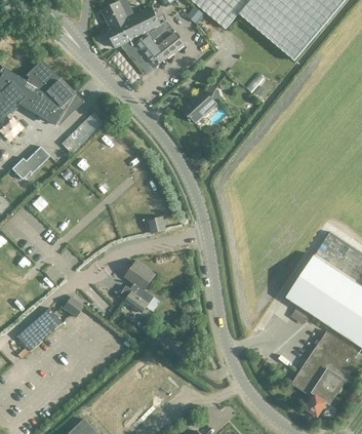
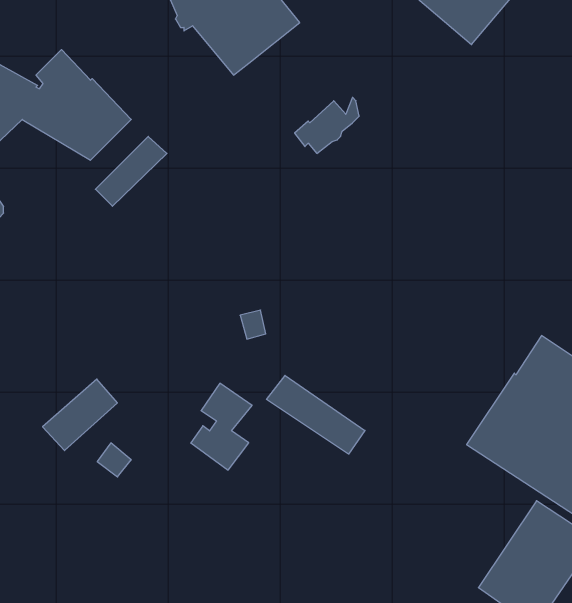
building: [11,147,49,180] -> none
building: none -> [267,375,365,454]
building: [16,308,62,351] -> [43,379,117,451]

